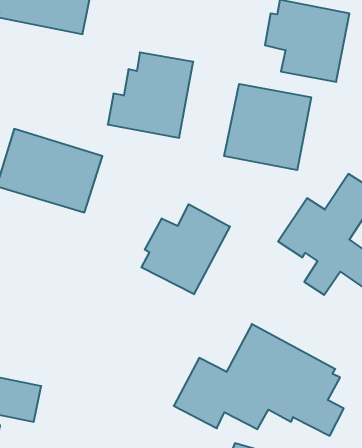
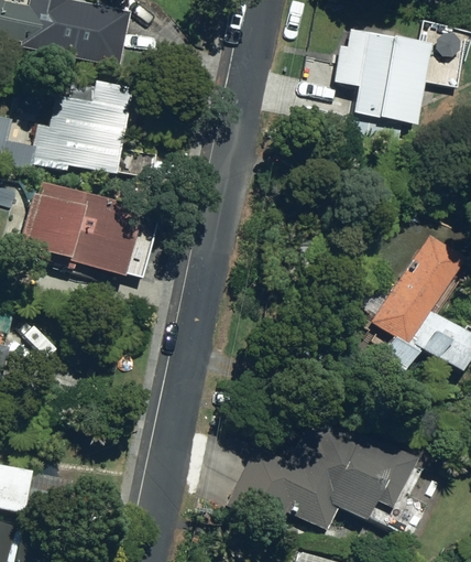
building: [108,52,193,138] -> [32,75,132,175]
building: [224,84,311,170] -> none
building: [141,204,230,294] -> none

